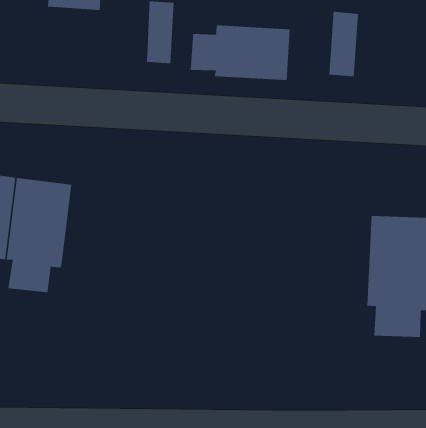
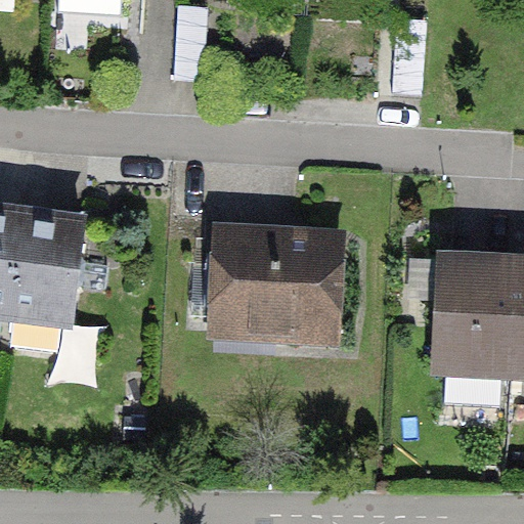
building: [190,25,290,81] -> none
building: none -> [214,229,338,332]

